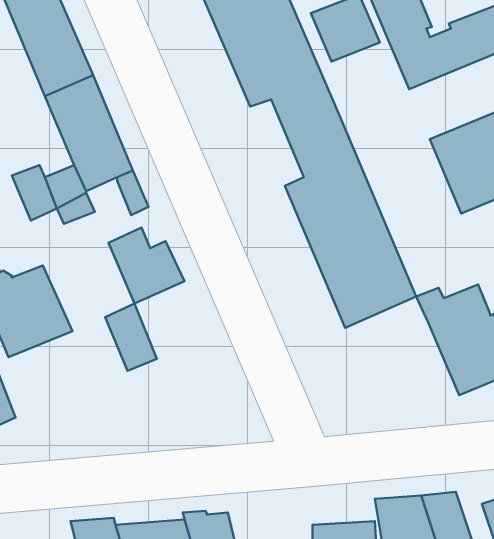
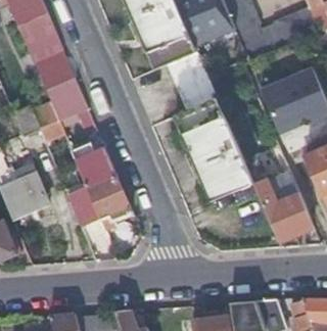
building: none -> [86,173,132,230]

